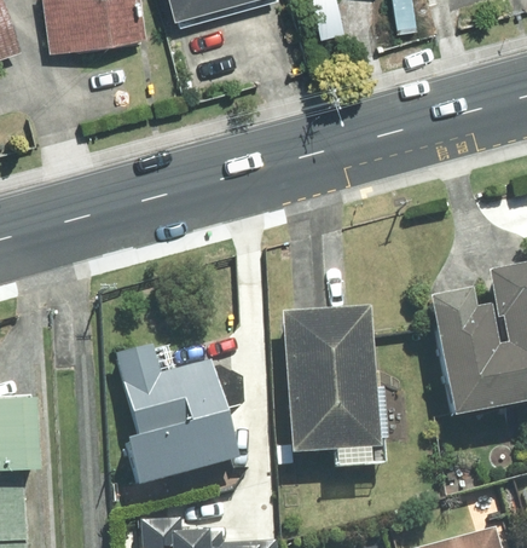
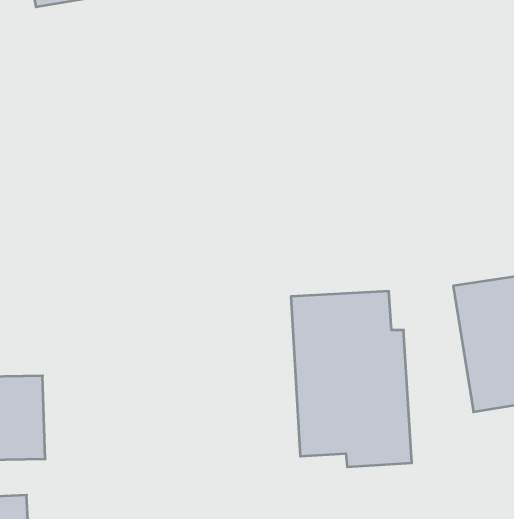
building: [116,339,239,504] -> none

